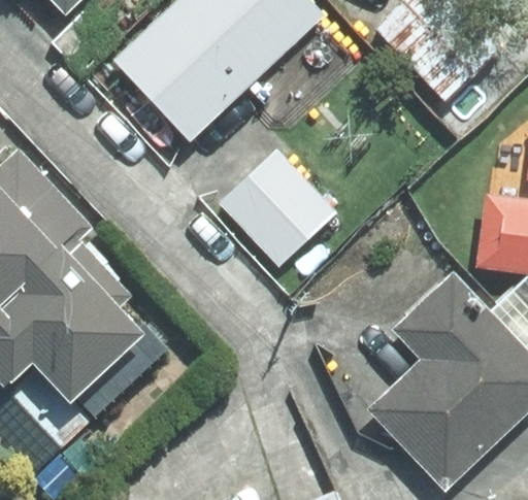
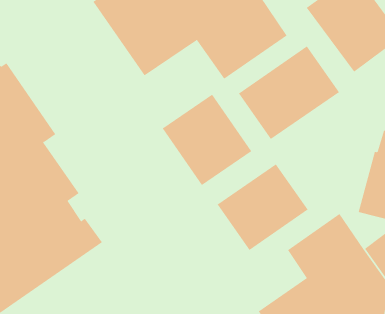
building: none -> [238,46,340,140]
building: none -> [217,163,308,251]

